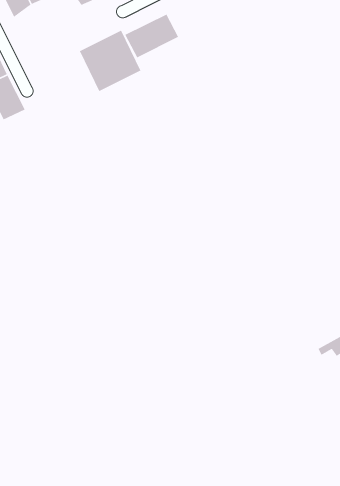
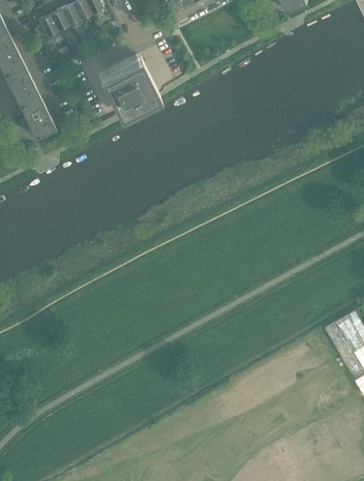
building: [124,13,179,58] -> none

